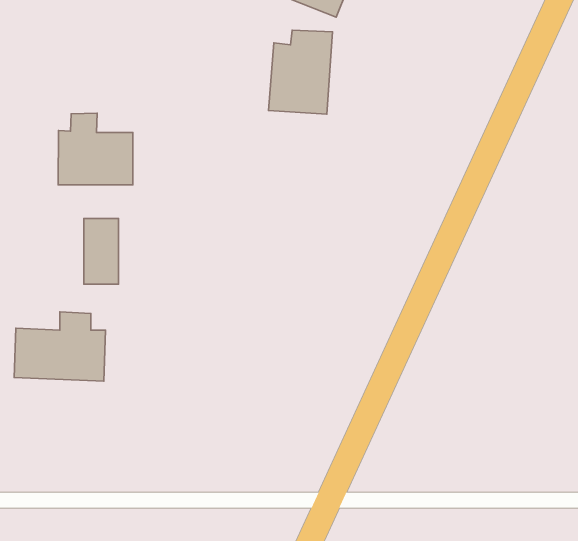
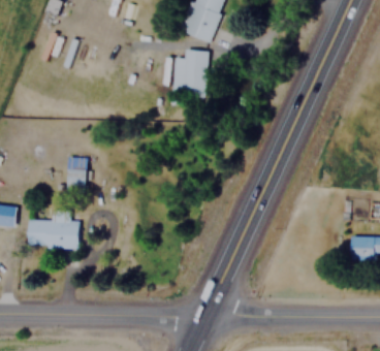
building: [58,113,133,185] -> none

